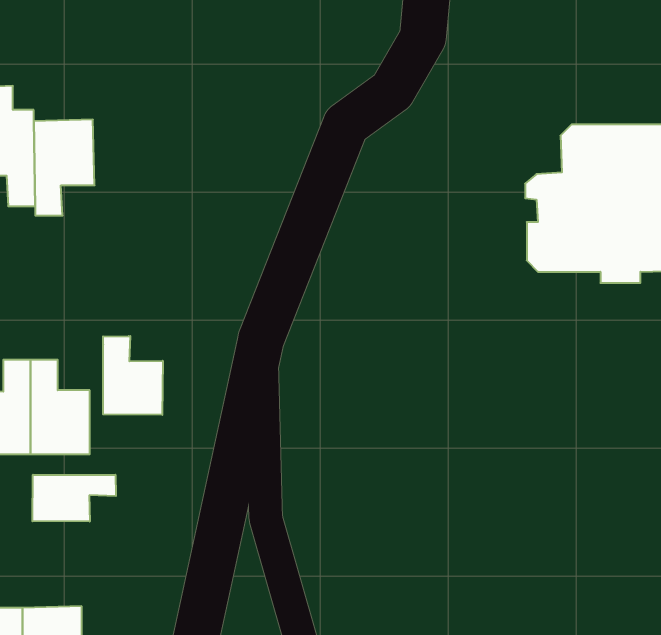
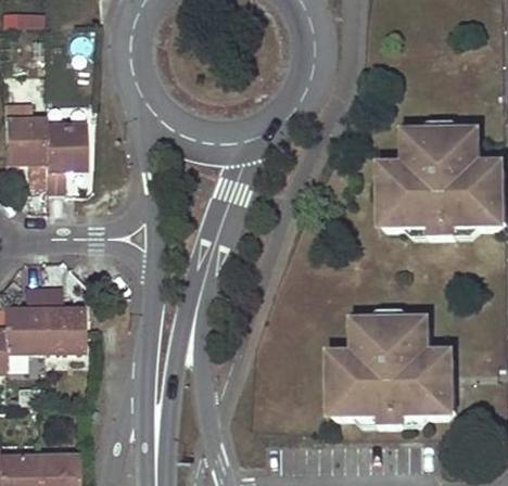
building: [103,336,163,415] -> none
building: none -> [328,316,455,423]
building: [32,475,116,522] -> none

